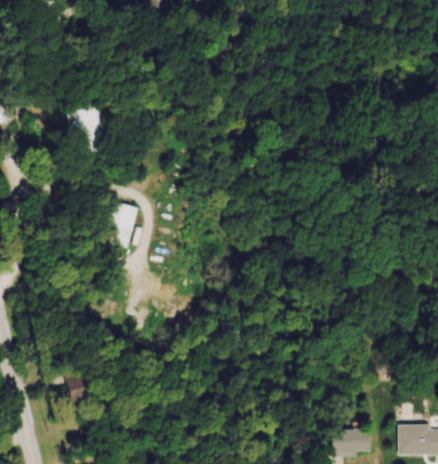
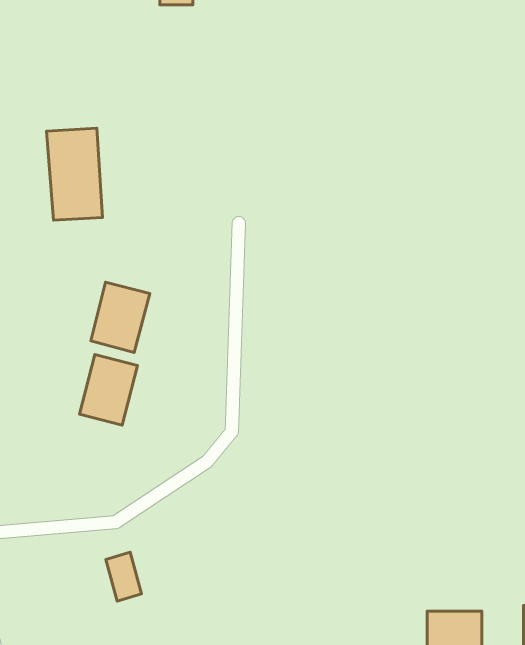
building: none -> [80,354,137,425]
building: [63,369,88,403] -> [106,552,142,601]

